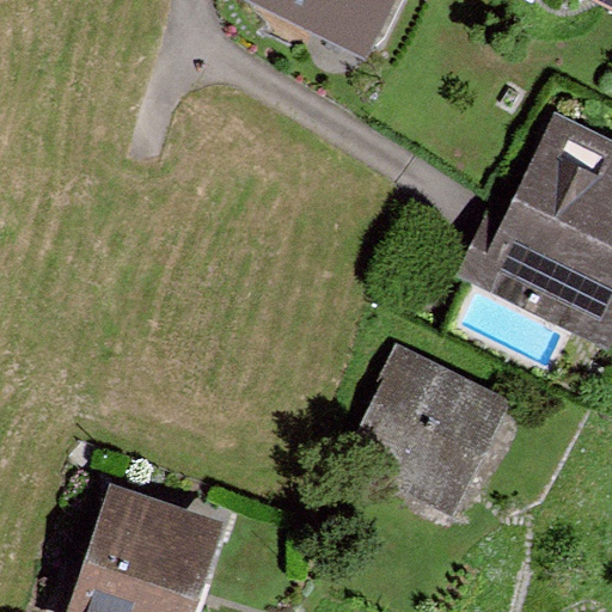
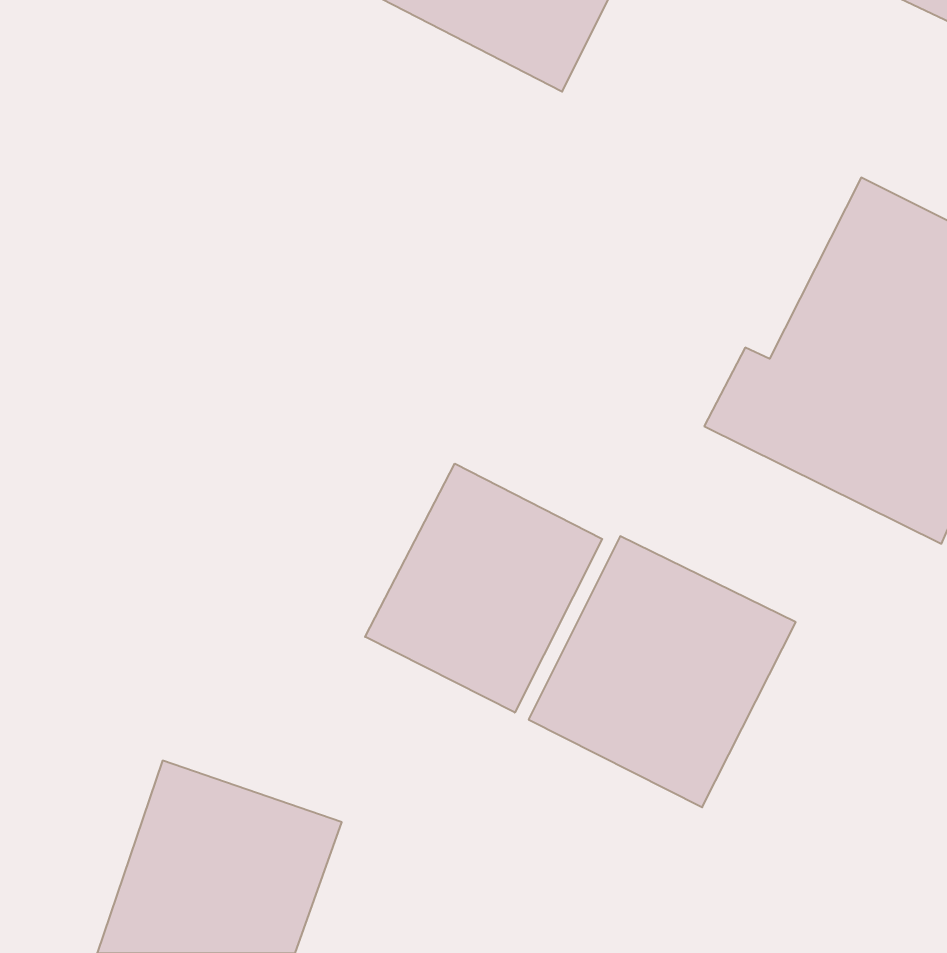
building: none -> [365,464,602,713]

